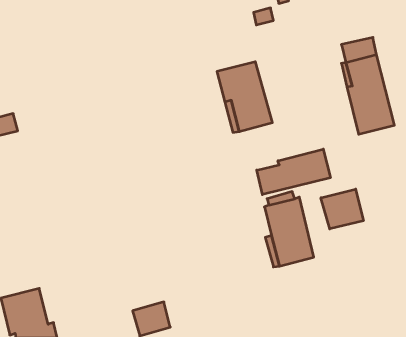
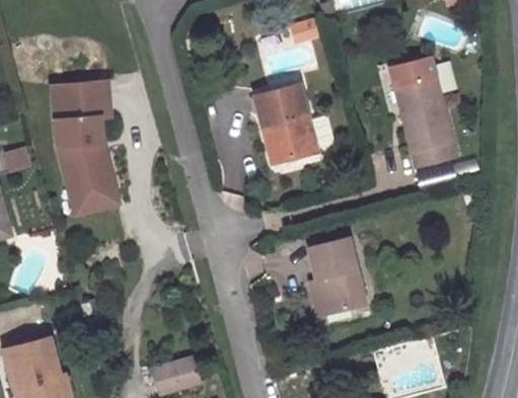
building: none -> [56,80,131,220]
building: [257,149,330,195] -> none
building: [321,189,363,229] -> none

